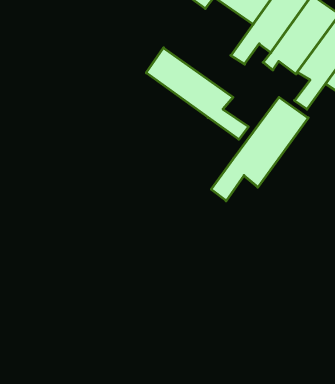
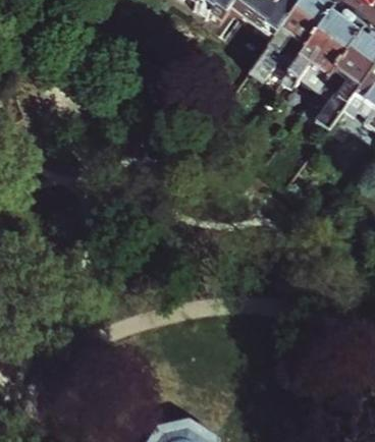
building: [146,48,248,139] -> none
building: [211,97,308,201] -> none

